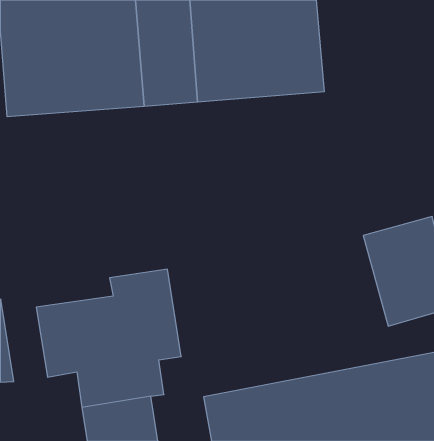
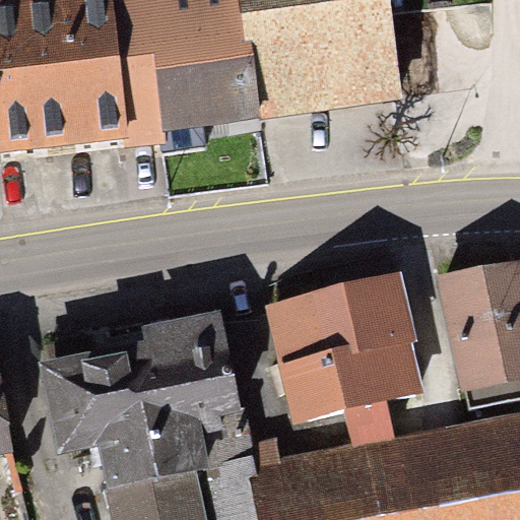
building: none -> [271,285,418,417]

